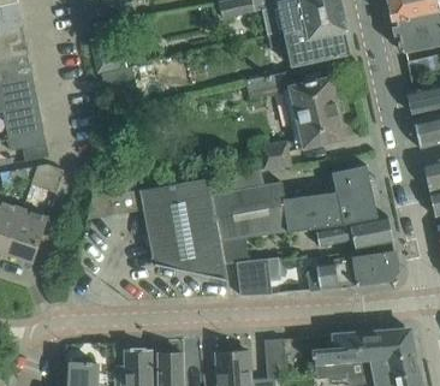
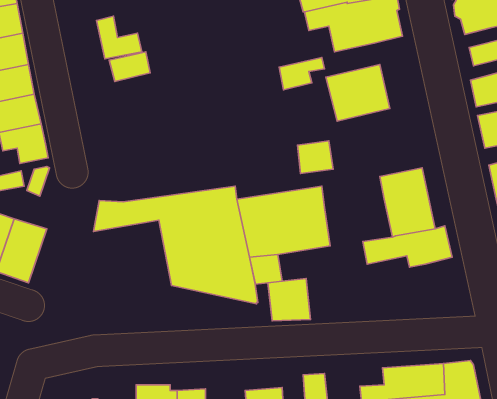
building: [295,114,345,148] -> none
building: [284,191,341,231] -> none
building: [308,251,398,290] -> none

